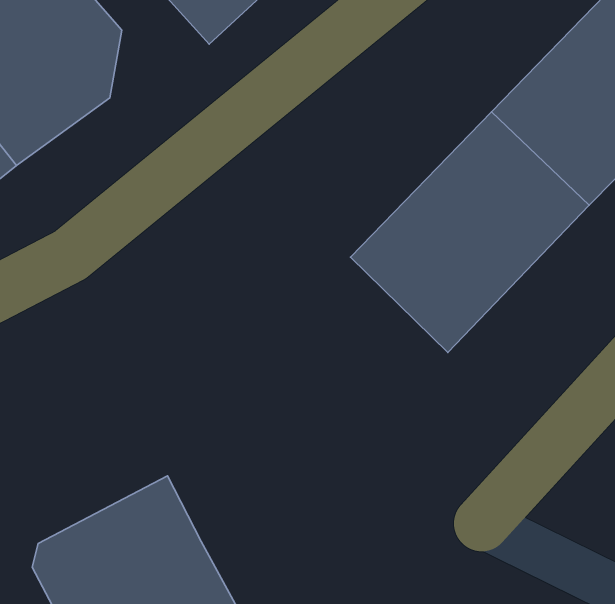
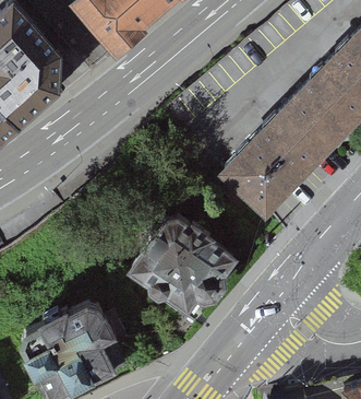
building: none -> [128,210,240,319]

